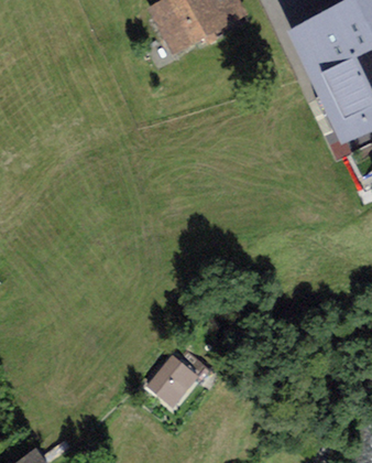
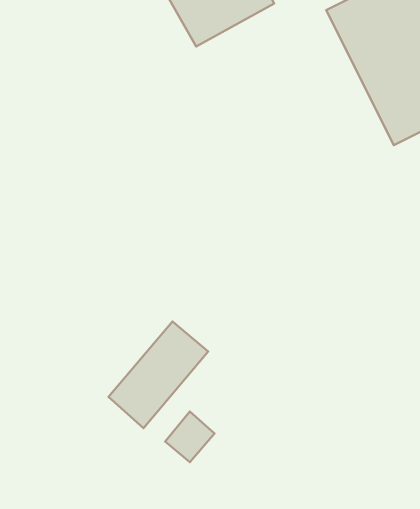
building: none -> [108,322,208,428]

